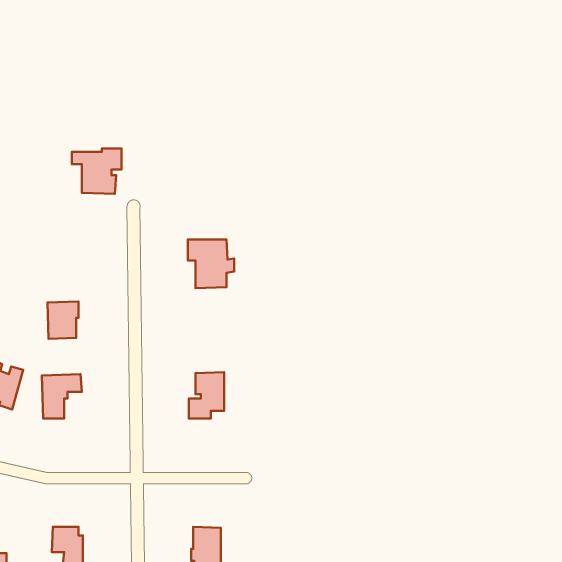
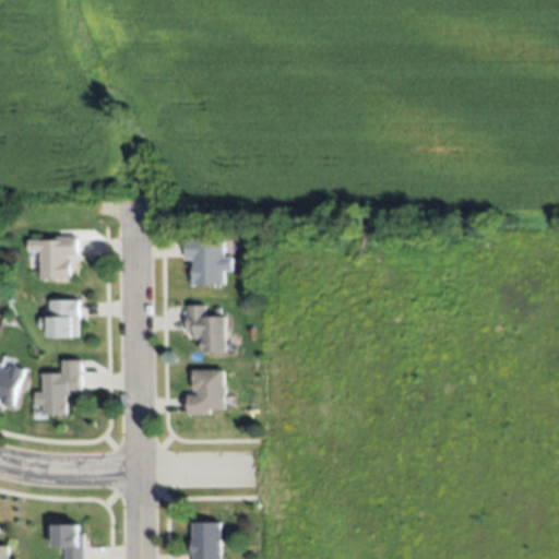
building: [72,149,122,194] -> [28,236,78,281]
building: none -> [185,306,224,353]

